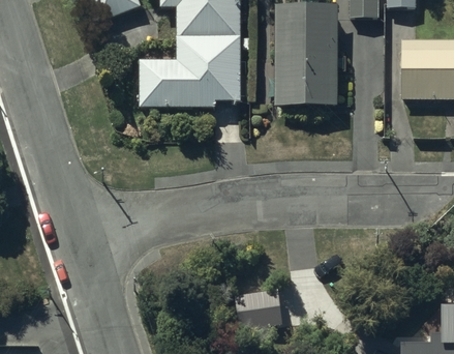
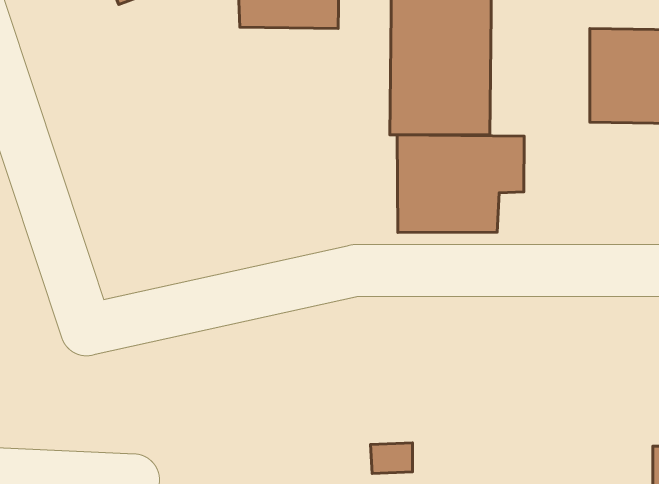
building: [140,35,240,108] -> none
building: none -> [397,135,524,233]

